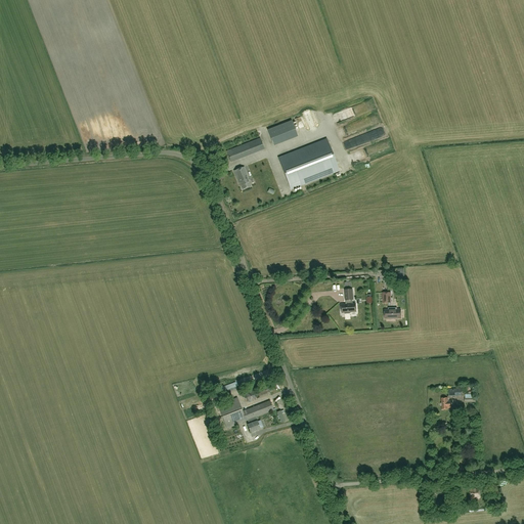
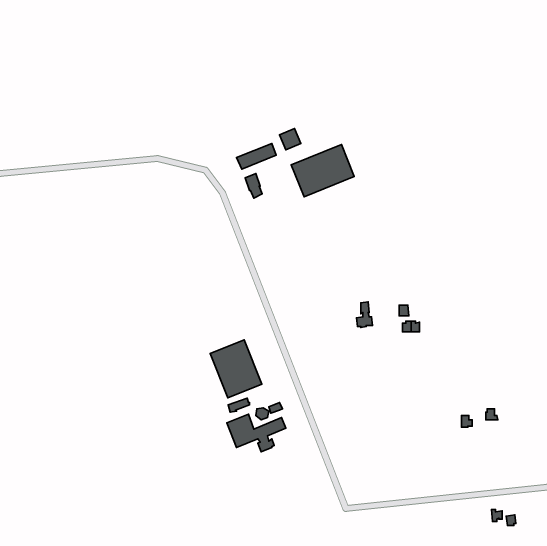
building: none -> [210,340,262,398]

